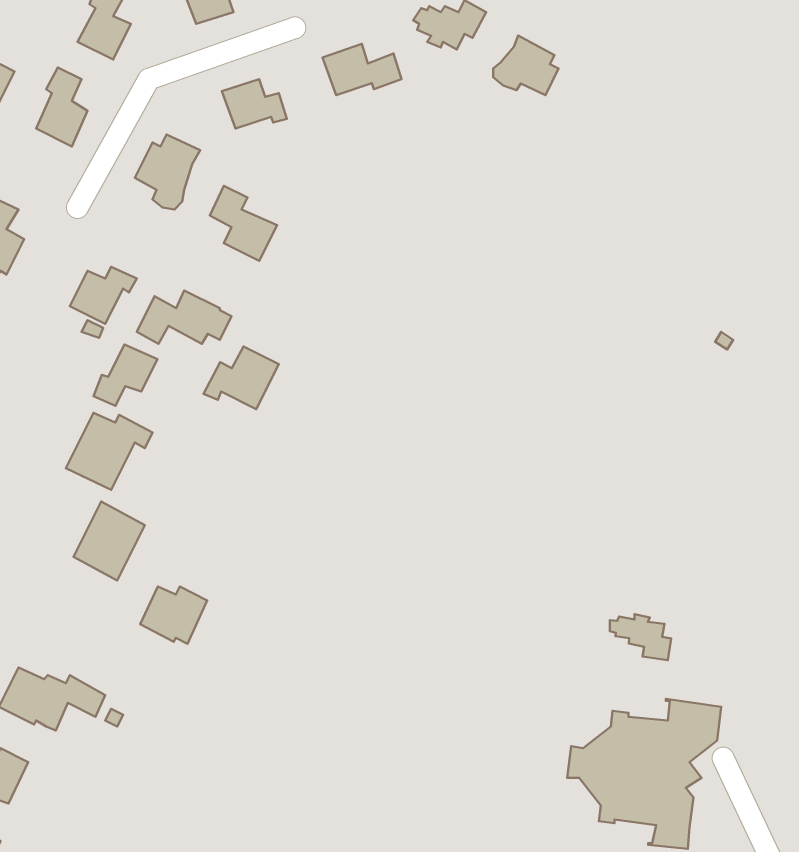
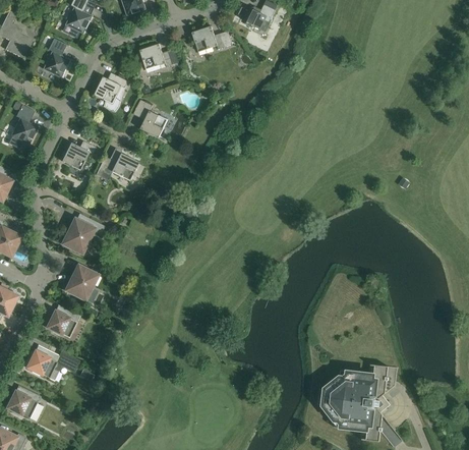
building: [493,36,559,95] -> none
building: [93,344,157,406] -> none
building: [203,347,279,409] -> none
building: [140,587,207,644] -> [45,308,79,338]
building: [610,614,671,660] -> none

